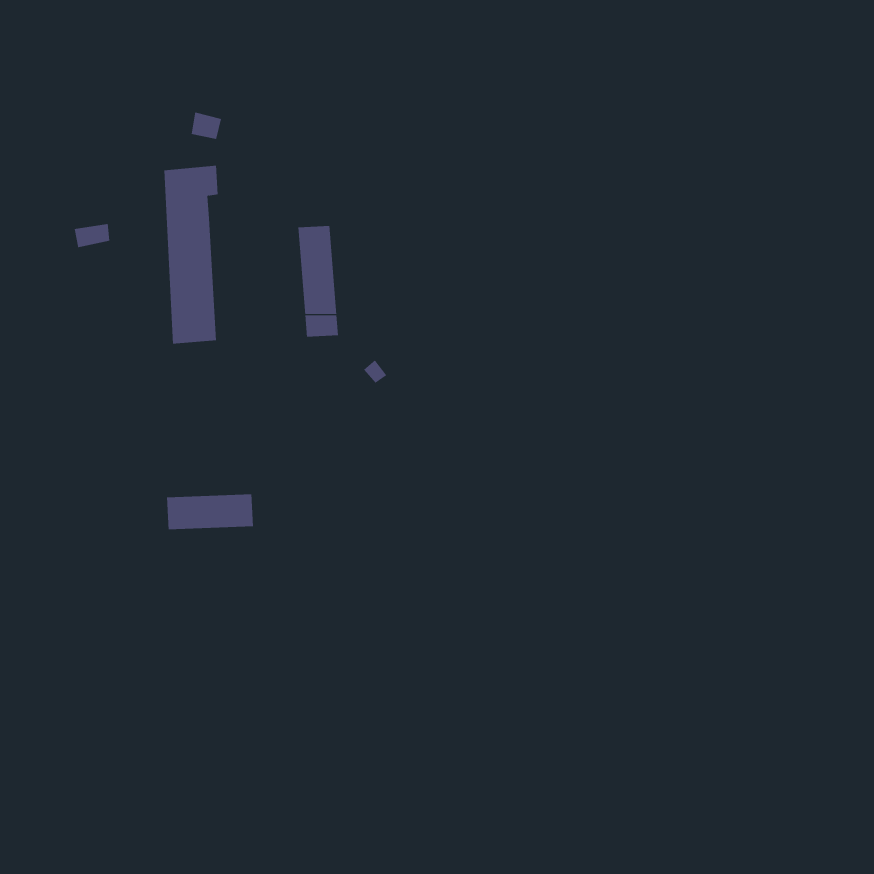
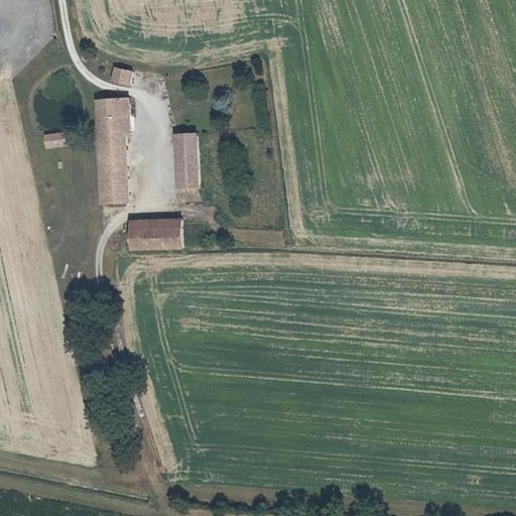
building: [166,494,254,530] -> [130,226,181,247]

